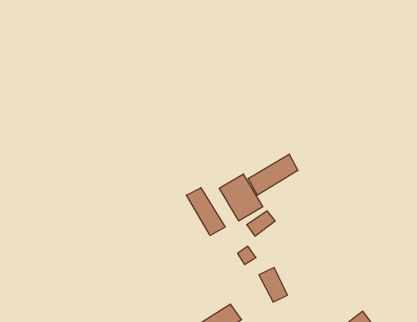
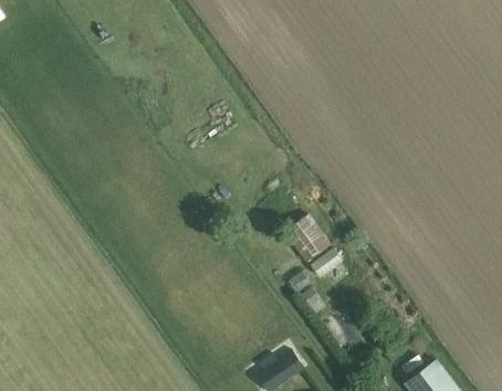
building: [248,154,298,195] -> none
building: [186,188,225,235] -> none

